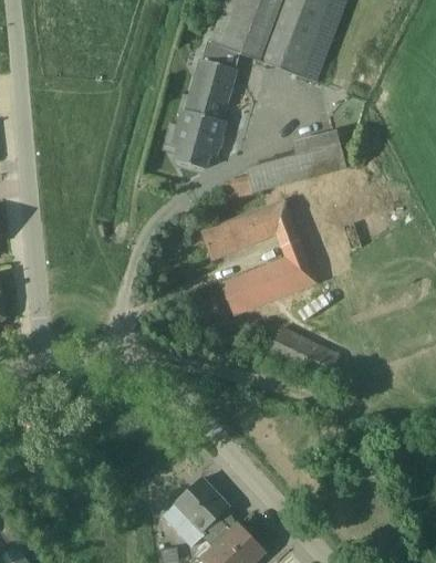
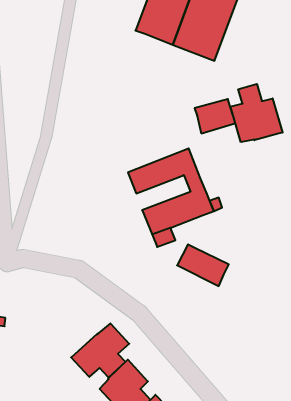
building: [175,39,236,168] -> none
building: none -> [230,84,283,142]
building: none -> [71,323,129,378]

